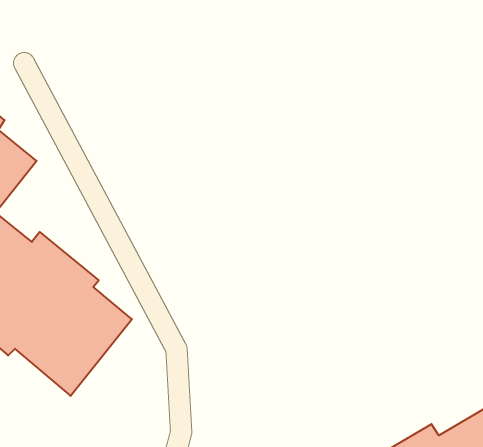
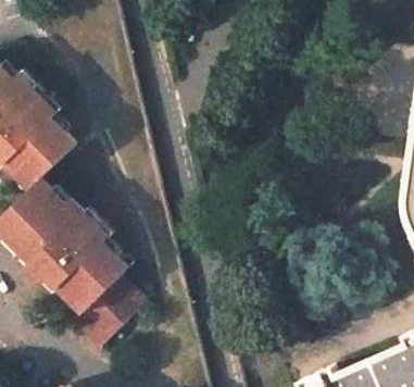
building: none -> [68,276,139,347]

